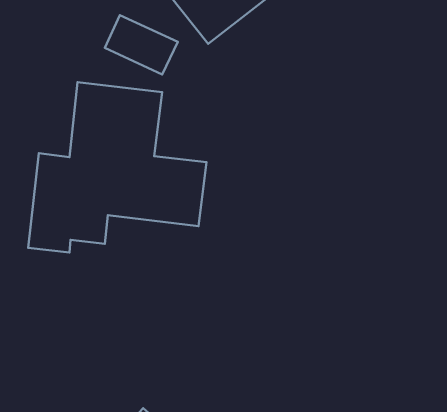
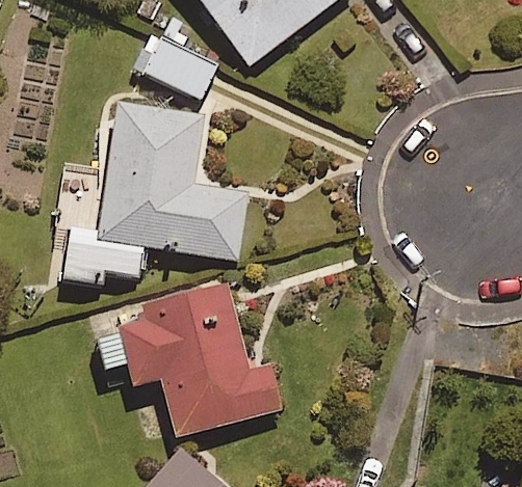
building: none -> [99,281,282,436]

